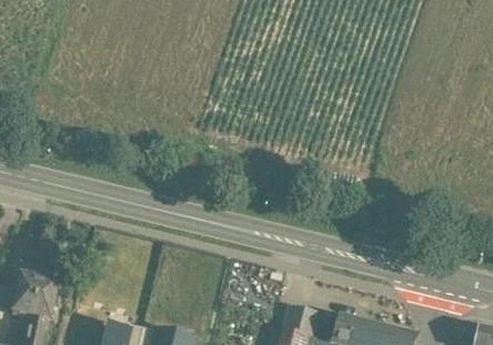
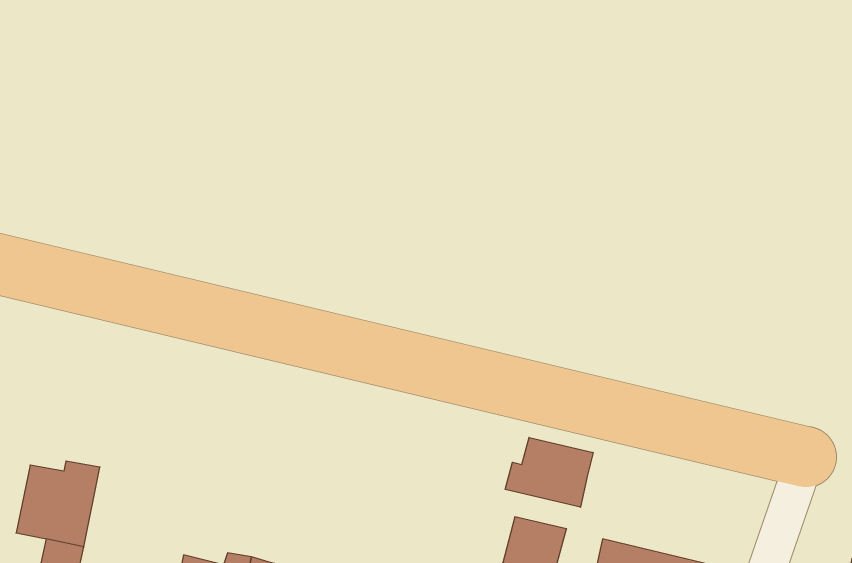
building: none -> [505,437,593,507]

